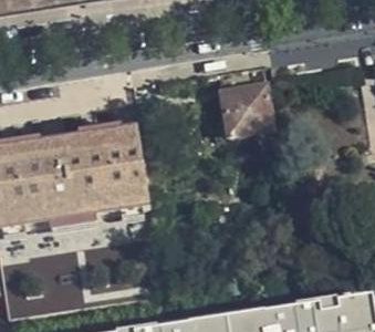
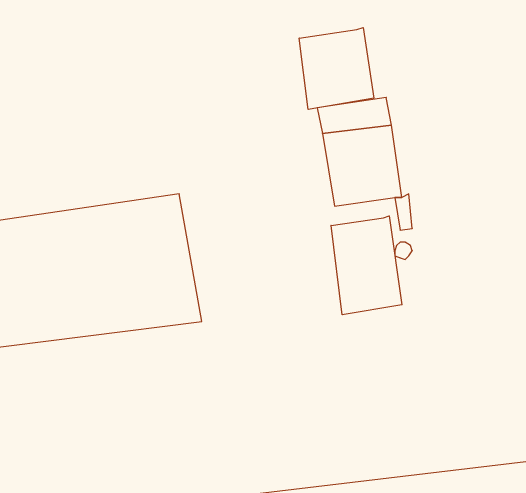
building: none -> [299,28,374,109]
building: none -> [331,216,402,315]

